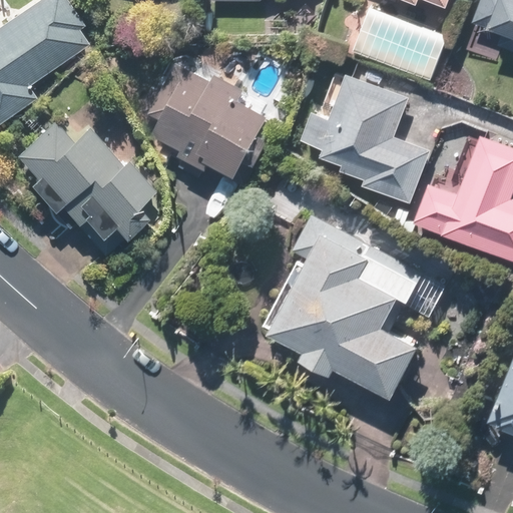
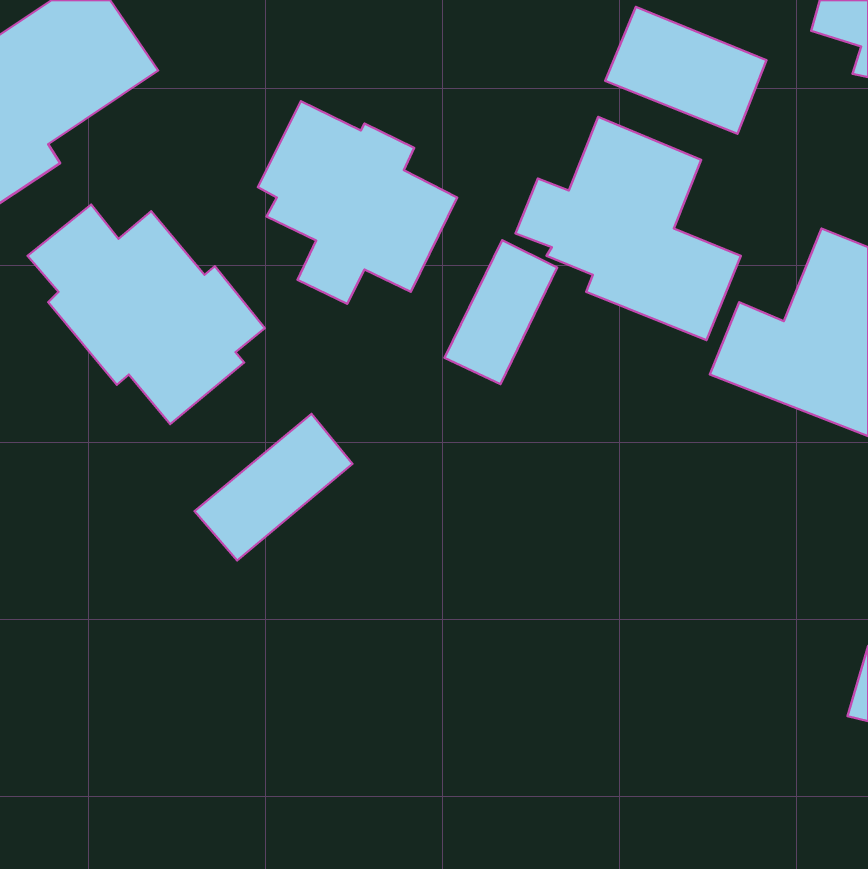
building: none -> [444,240,557,384]
building: [260,217,427,398] -> none
building: none -> [194,414,352,560]

